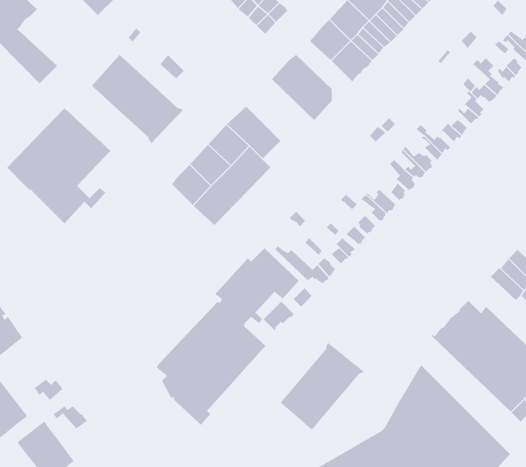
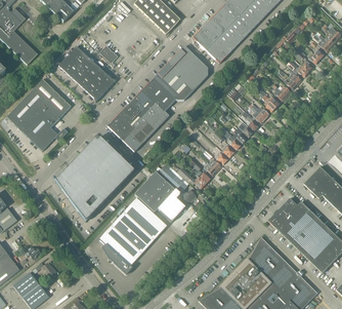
building: none -> [154,62,196,101]
building: none -> [54,139,133,222]
building: [280,342,365,431] -> none

